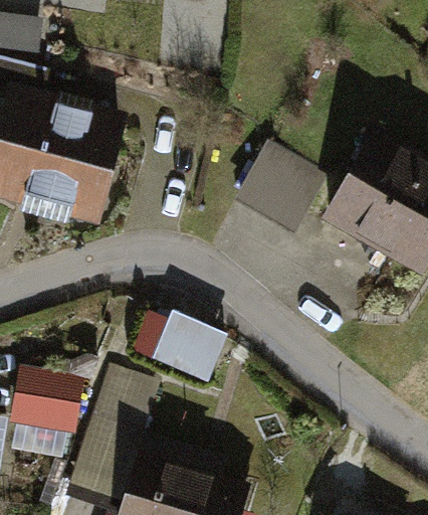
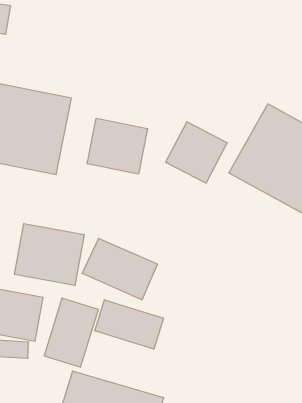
building: none -> [87,118,148,174]
building: none -> [14,223,84,286]
building: none -> [95,300,163,349]

